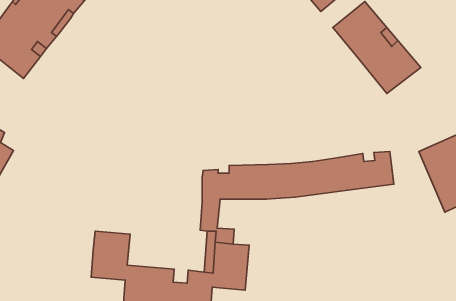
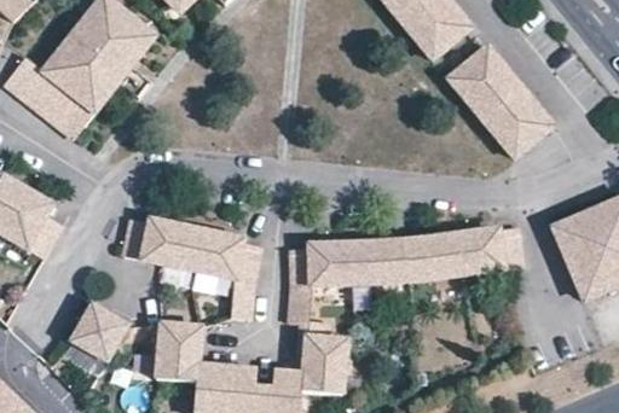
building: none -> [123,217,261,318]
building: none -> [70,312,127,360]

